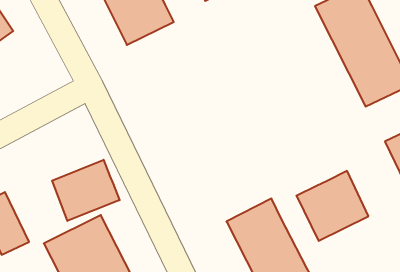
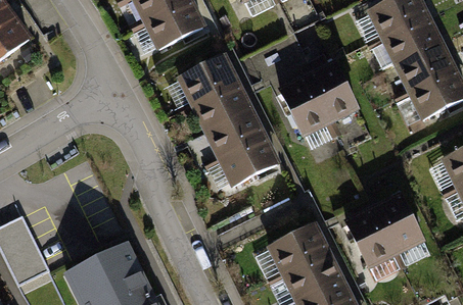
building: none -> [178,57,278,184]
building: none -> [280,62,360,136]
building: [52,160,120,221] -> none

